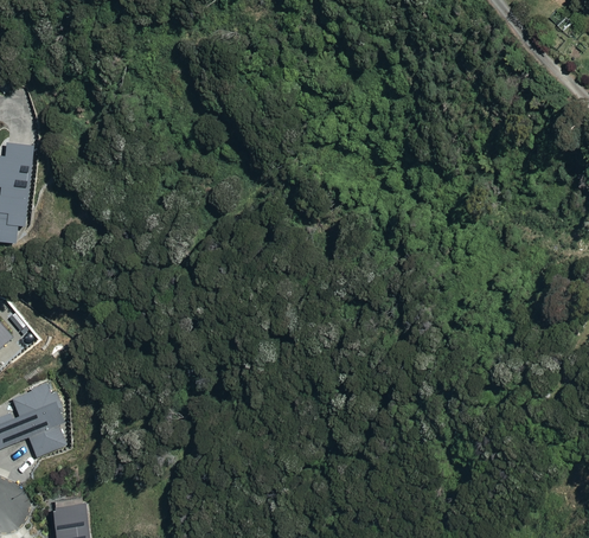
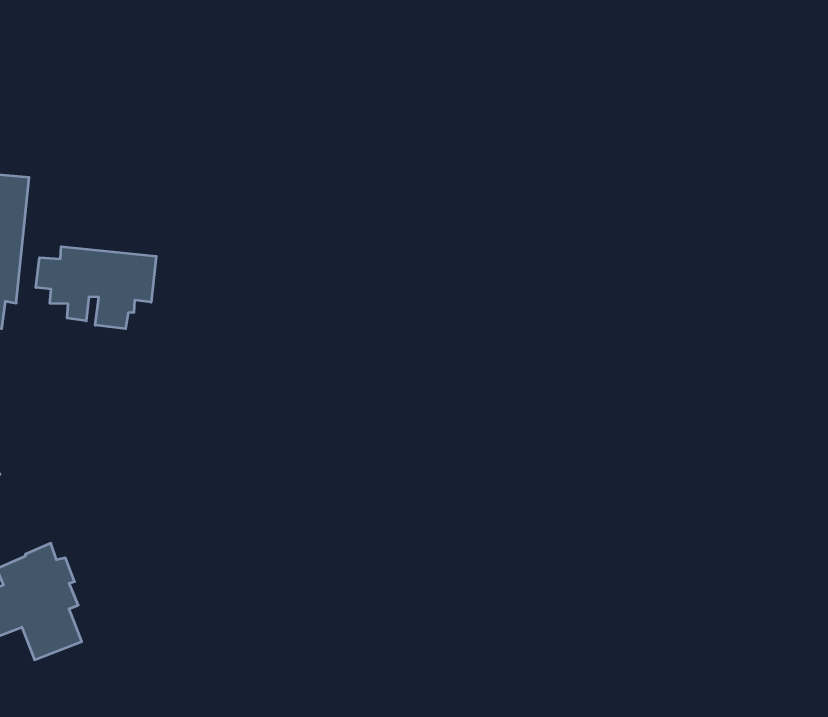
building: none -> [36,247,156,329]

